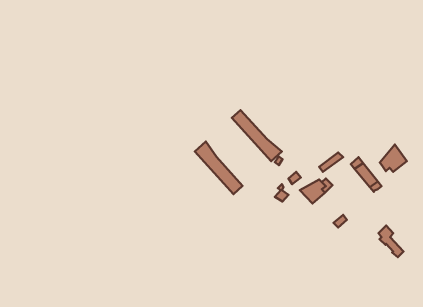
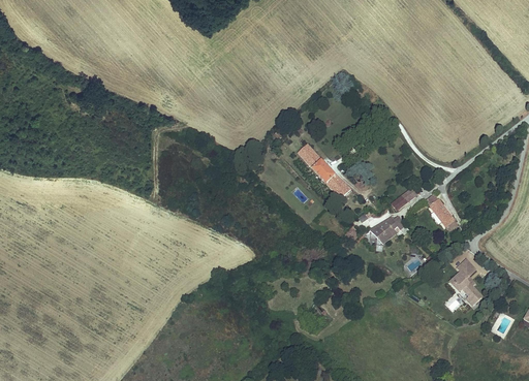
building: [195,141,242,194] -> none
building: [380,144,407,172] -> none

